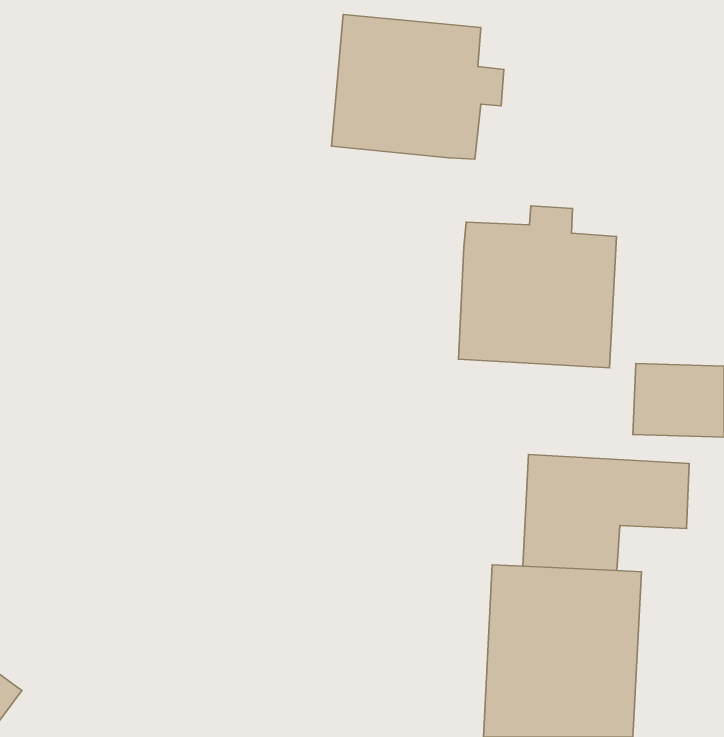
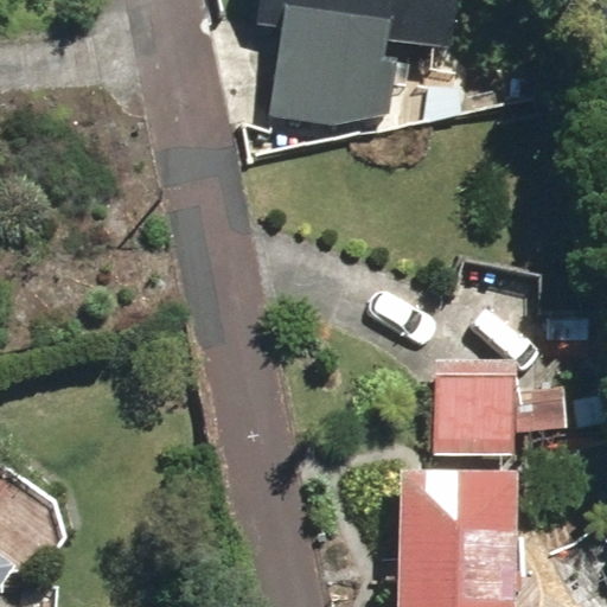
building: [458,206,616,368] -> none

